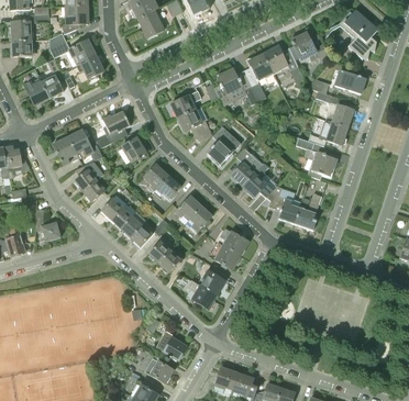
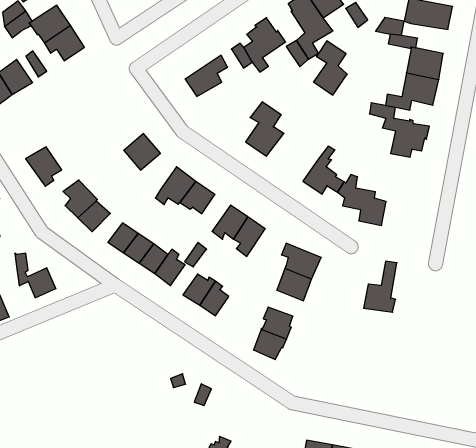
building: [177,109,211,143] -> none
building: [102,111,130,143] -> none
building: [67,130,102,160] -> none
building: [231,147,256,186] -> [314,41,347,95]
building: [294,193,321,230] -> [364,261,397,312]
building: [156,331,186,360] -> none

